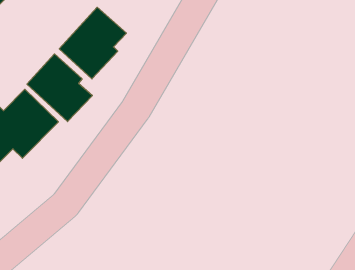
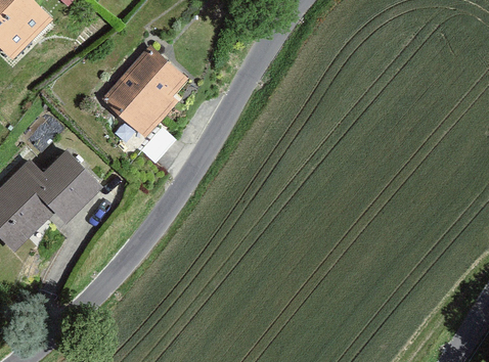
building: [27,54,92,122] -> none

